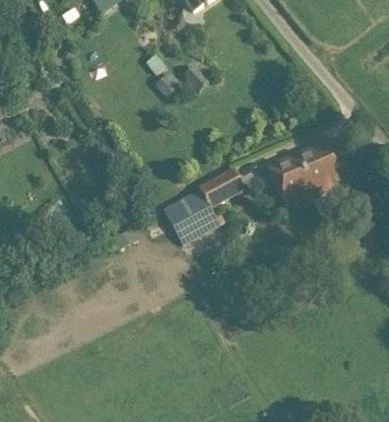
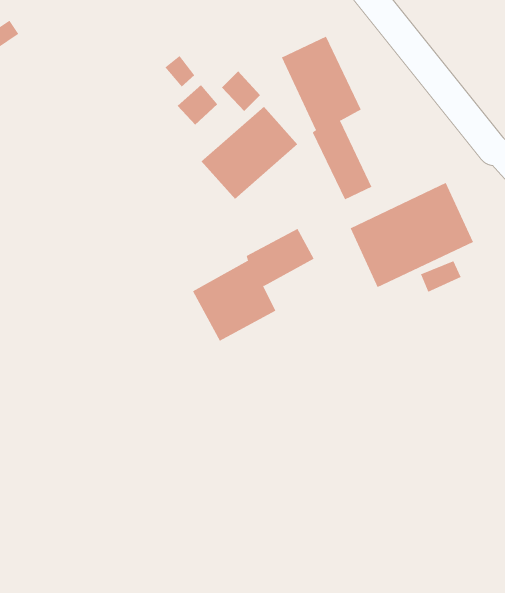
building: none -> [281,36,372,200]
building: none -> [201,106,298,200]

